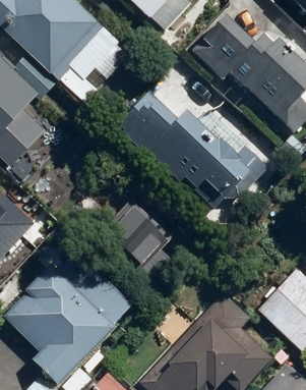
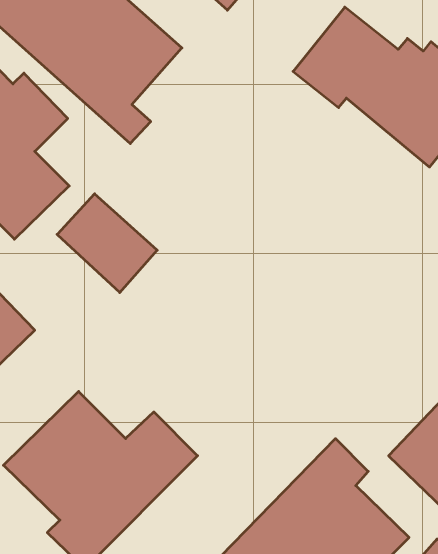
building: [122,95,267,203] -> none
building: [106,200,171,264] -> [57,194,157,293]

